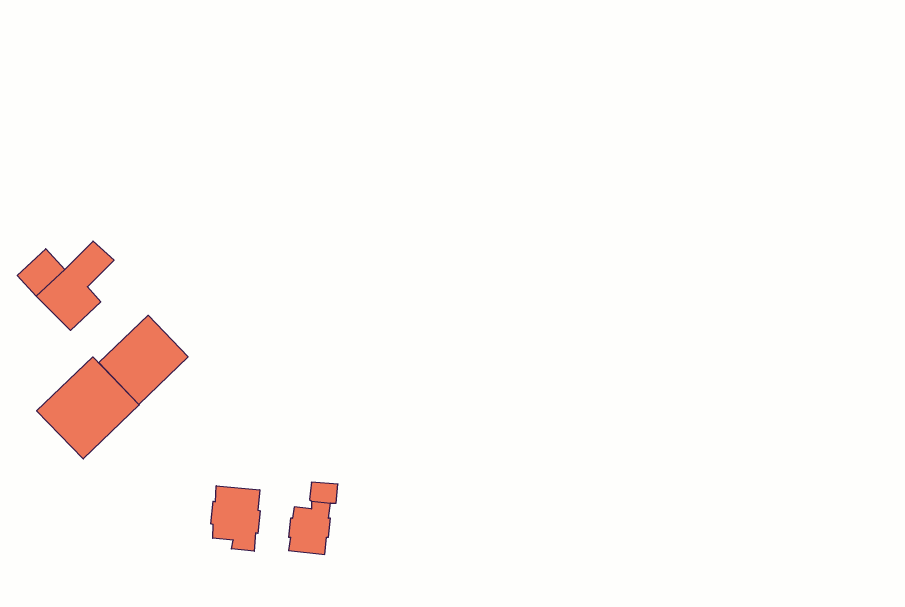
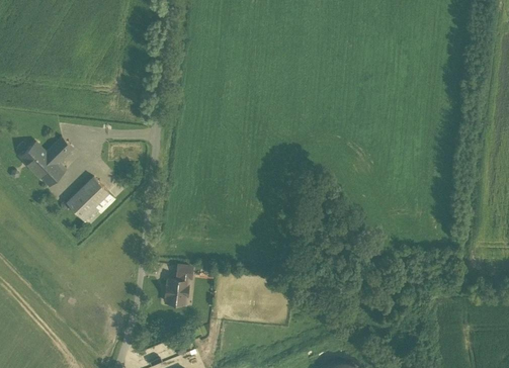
building: [37,357,139,459] -> none
building: [211,486,260,551] -> none

